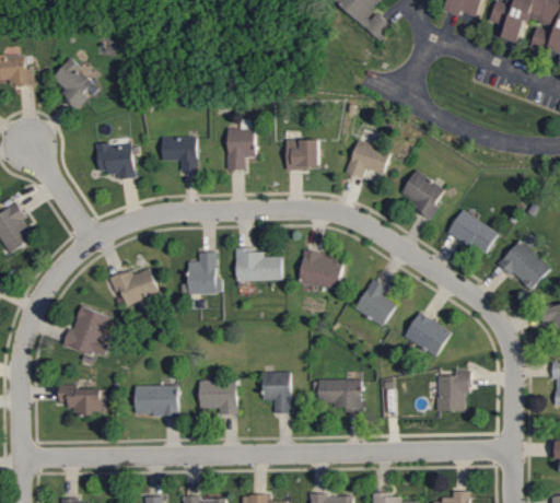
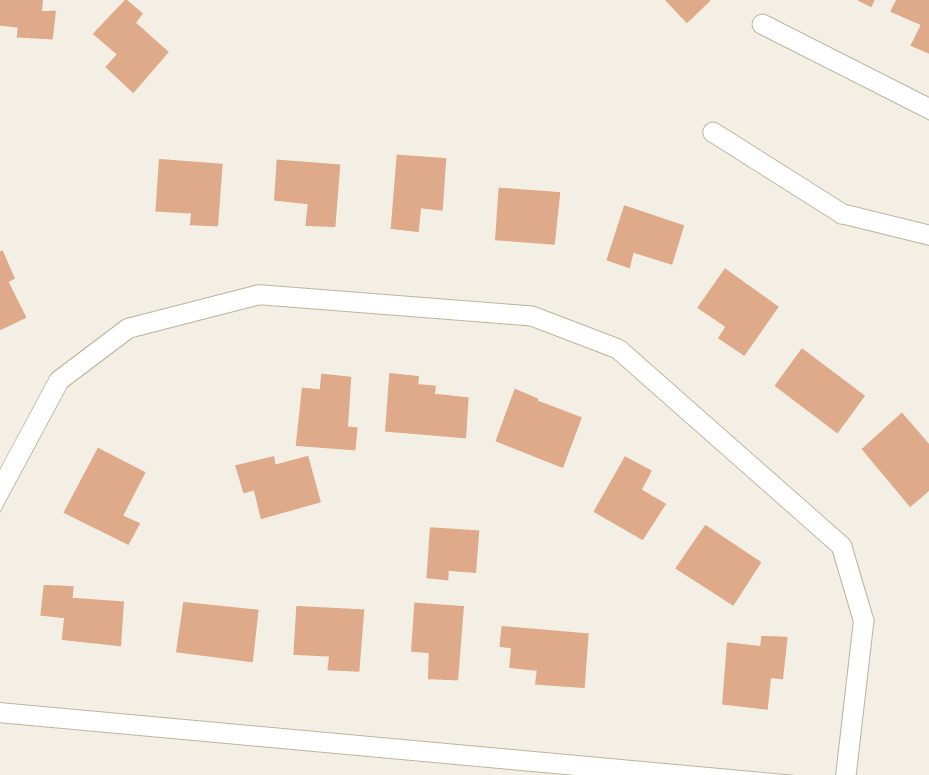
building: [108,268,159,306] -> [234,455,322,520]
building: none -> [426,526,480,581]

